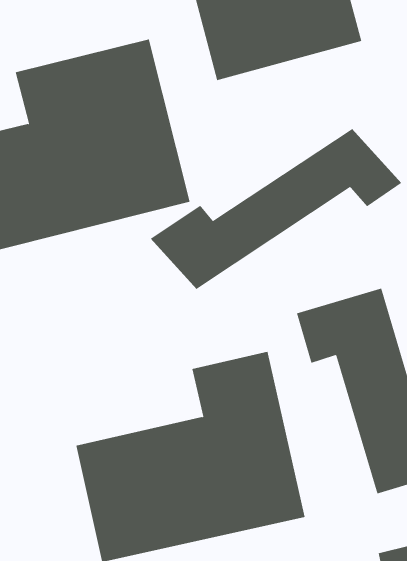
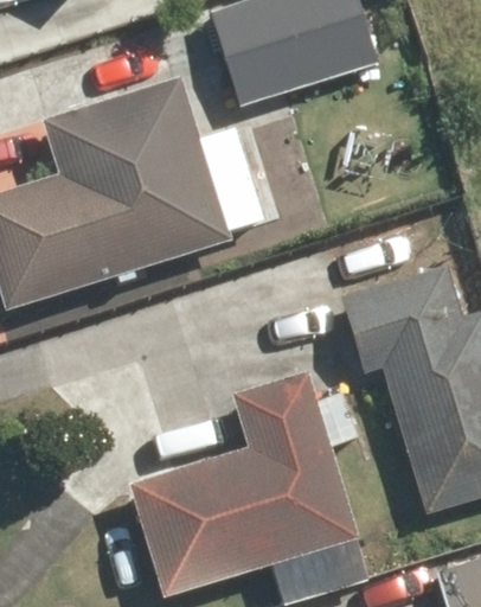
building: [150,128,402,290] -> none

